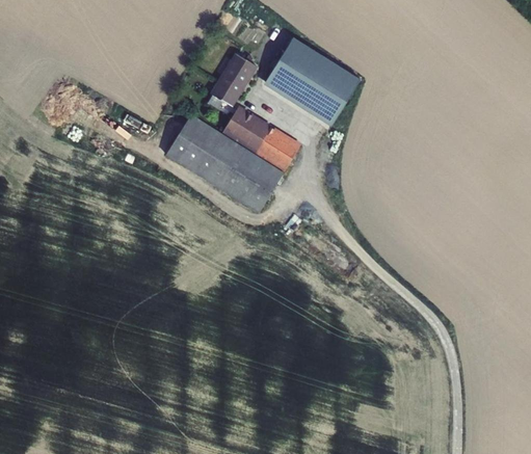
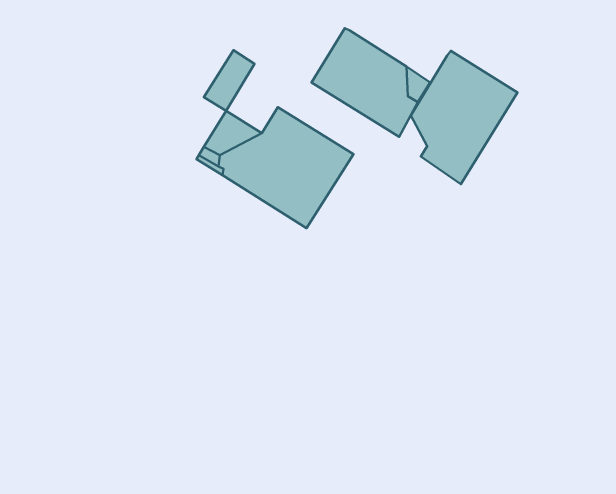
building: [212,53,255,104] -> [204,50,254,111]
building: none -> [411,51,518,184]

